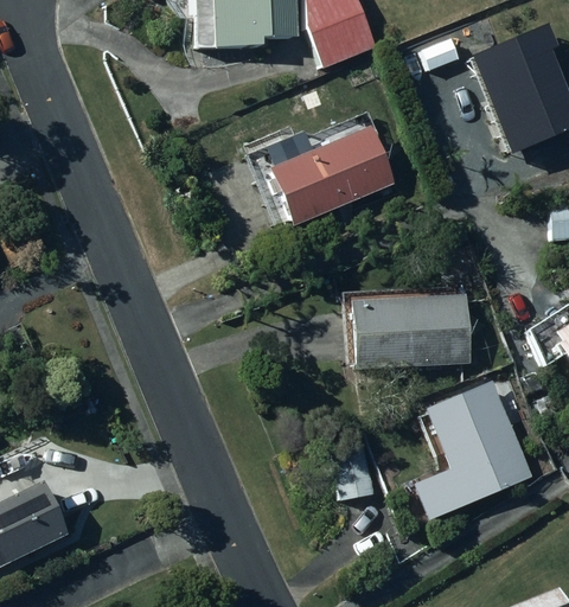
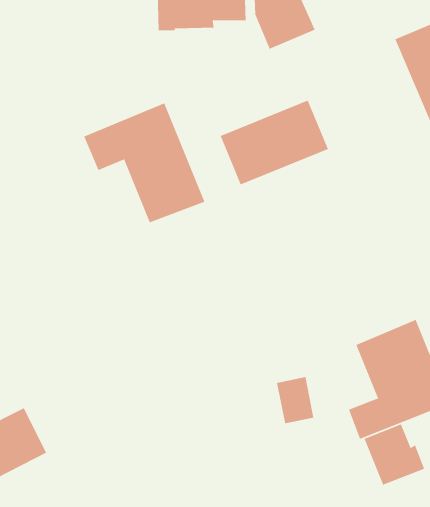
building: none -> [83,103,205,223]
building: [349,293,472,369] -> none
building: none -> [364,424,425,486]

